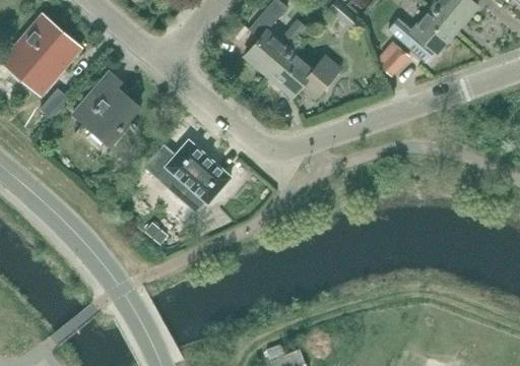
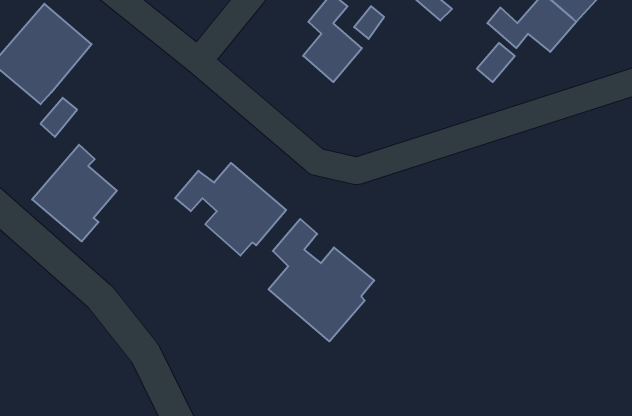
building: [268,50,340,98] -> none
building: [73,71,139,146] -> [32,145,117,241]
building: none -> [269,219,374,341]

